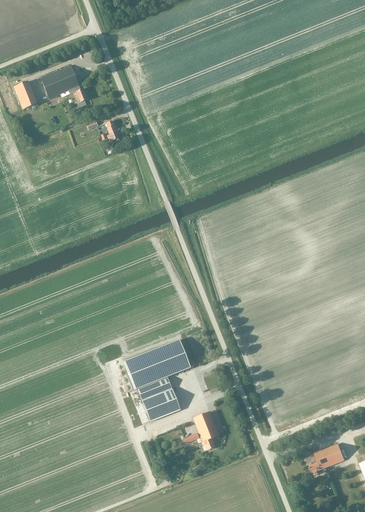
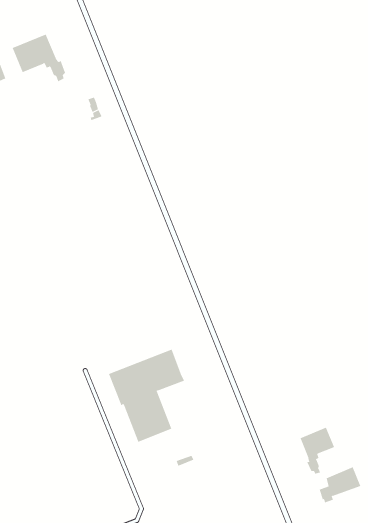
building: none -> [300,427,335,475]
building: [193,410,219,449] -> none

